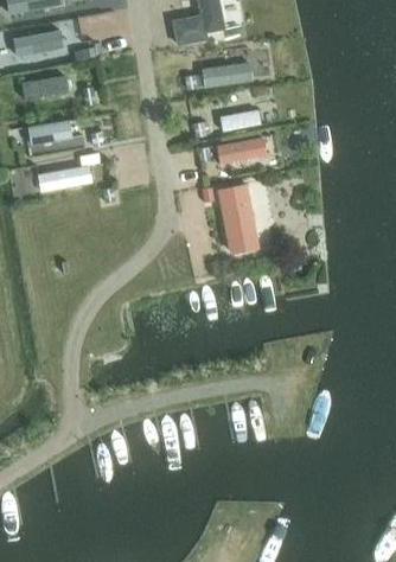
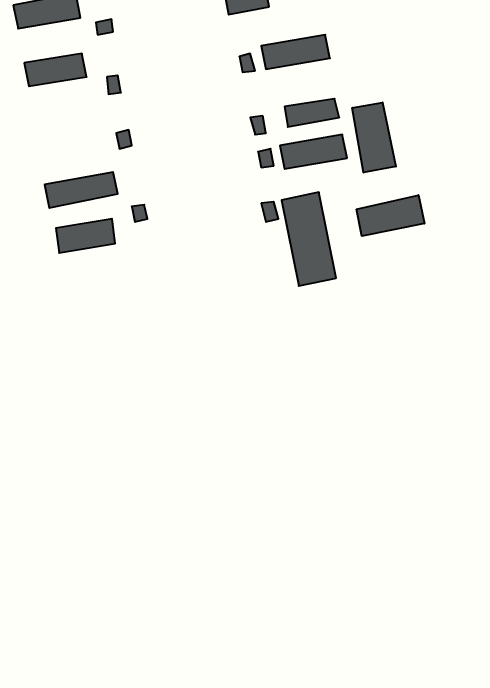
building: none -> [352,102,396,173]
building: [27,120,72,146] -> [56,219,115,253]
building: none -> [357,195,424,236]

